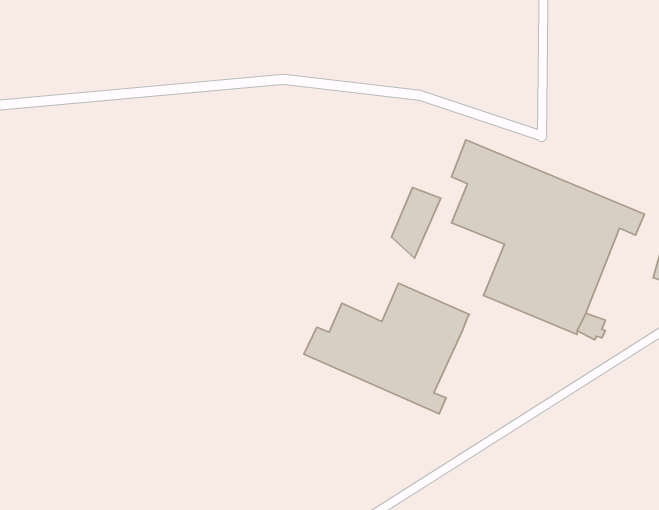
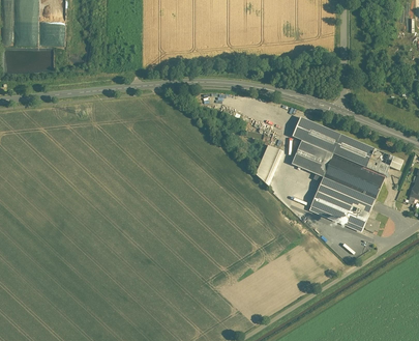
building: [304,283,470,414] -> none

